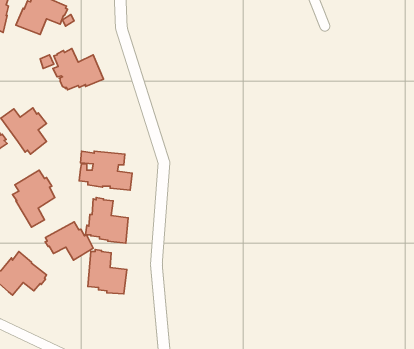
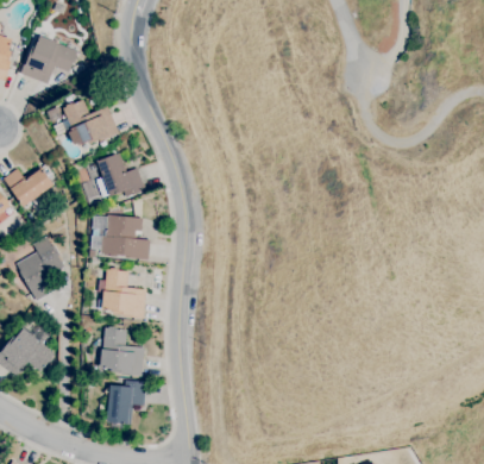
building: none -> [96,149,145,197]
building: [45,222,93,260] -> none
building: none -> [107,381,146,424]

